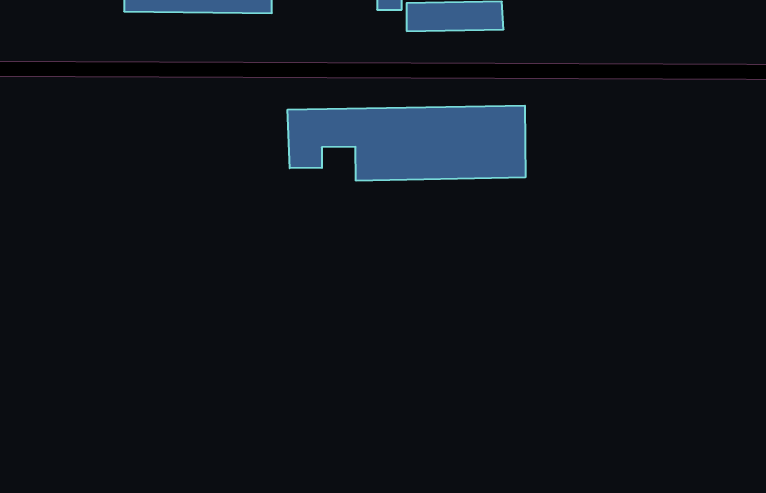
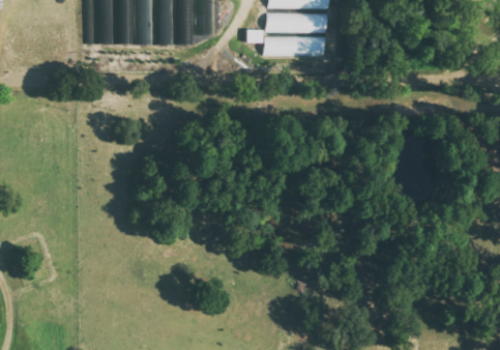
building: [288,106,525,181] -> none

